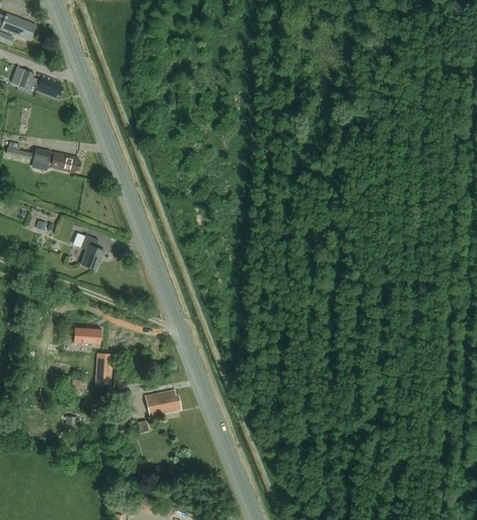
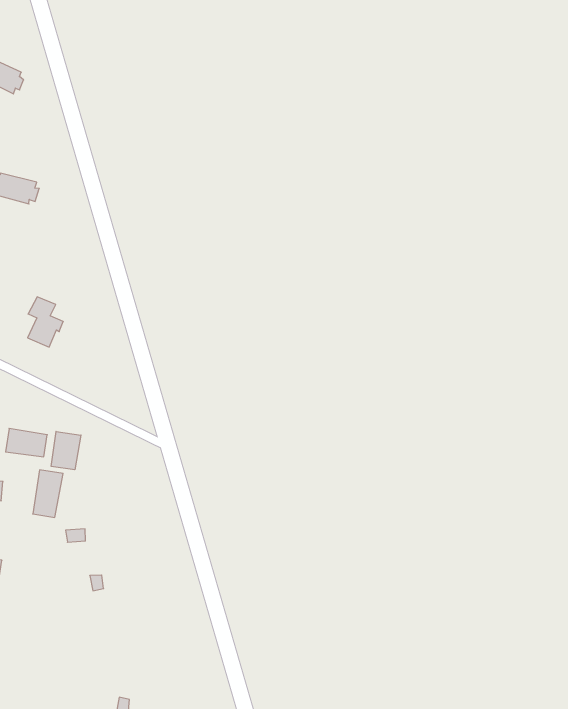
building: none -> [51,431,81,470]
building: [145,389,181,415] -> none

